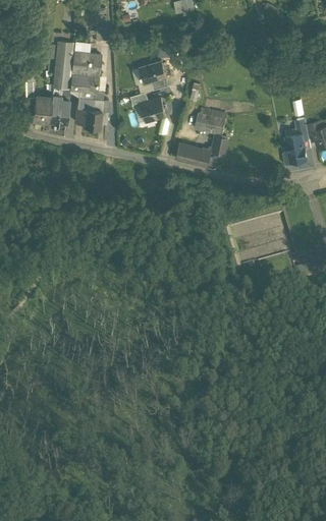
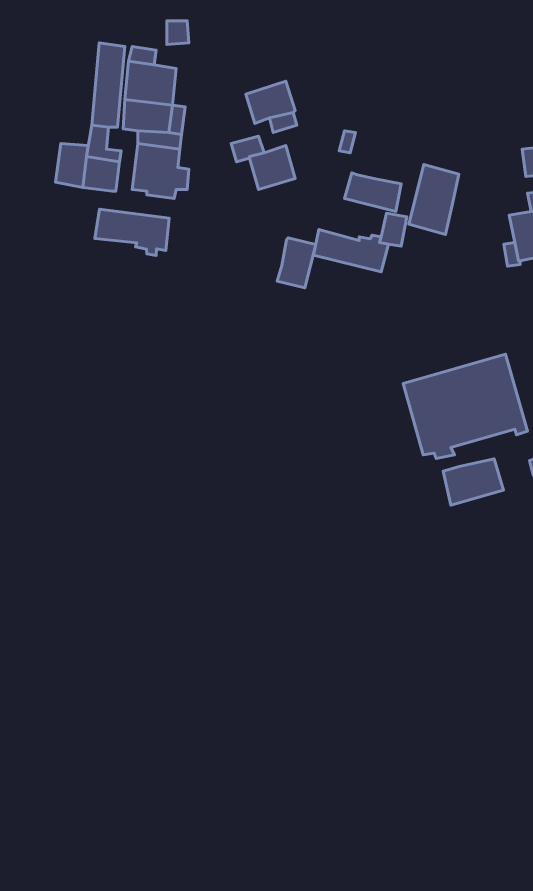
building: none -> [409,165,459,234]
building: none -> [95,209,169,255]
building: none -> [277,238,316,288]
building: none -> [443,459,504,505]

